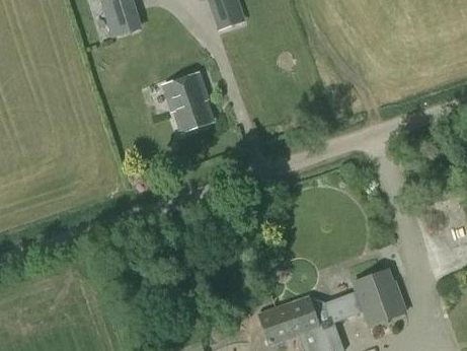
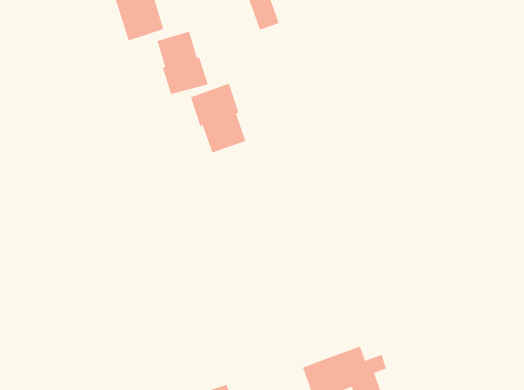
building: none -> [157,31,208,95]
building: [327,270,405,326] -> none

